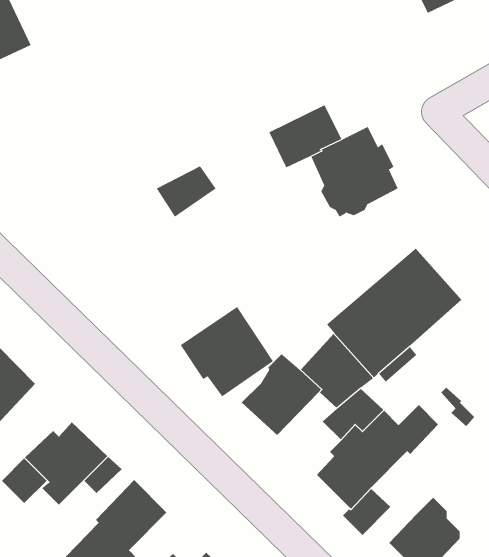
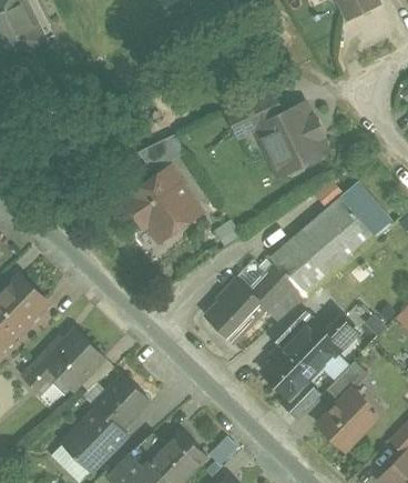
building: none -> [339,184,390,238]
building: [180,306,274,397] -> [128,169,200,239]
building: none -> [327,361,368,402]

